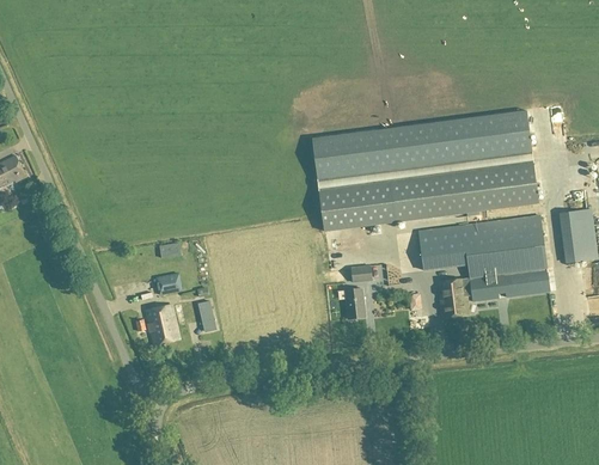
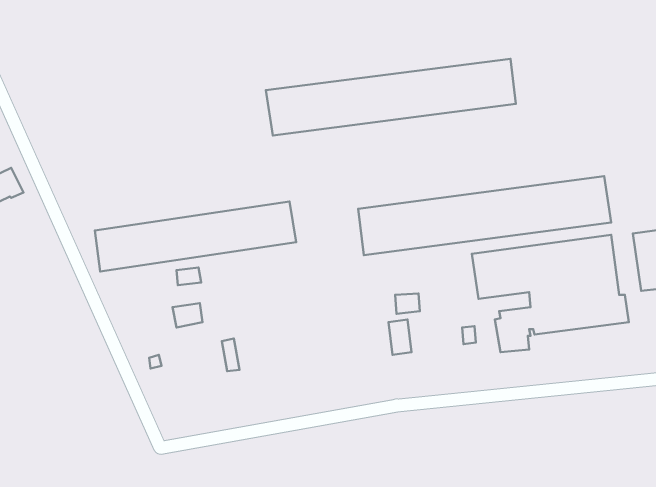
building: [312,110,531,177] -> [266,59,516,135]
building: none -> [95,201,296,272]
building: [146,304,178,344] -> none

